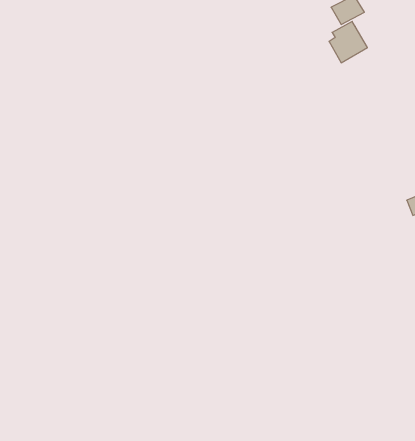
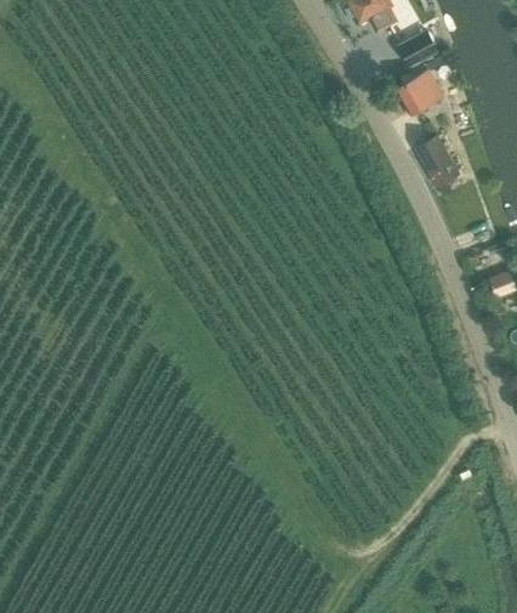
building: none -> [416,135,459,186]

